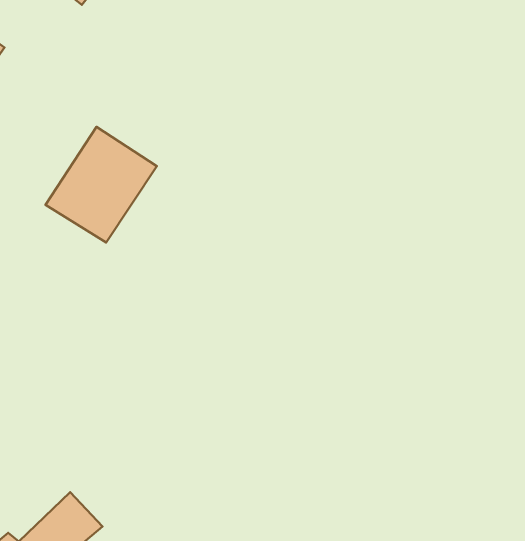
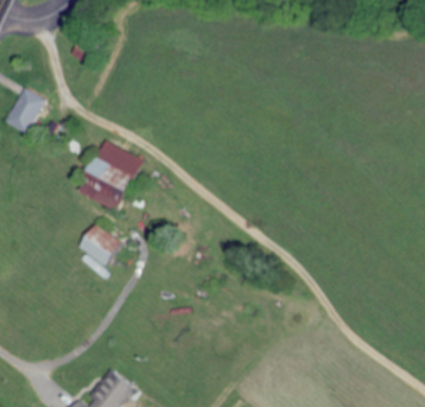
building: none -> [81,224,125,267]

